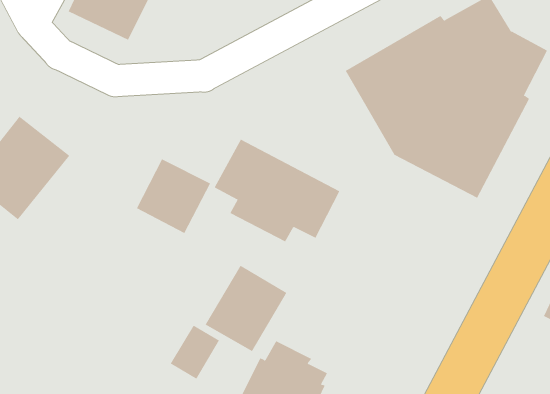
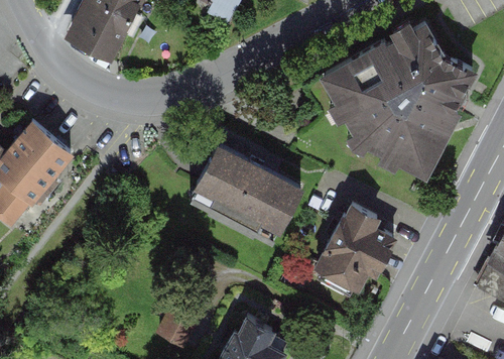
building: [136,158,211,234] -> none
building: none -> [316,203,392,285]
building: [205,265,287,352] -> none

